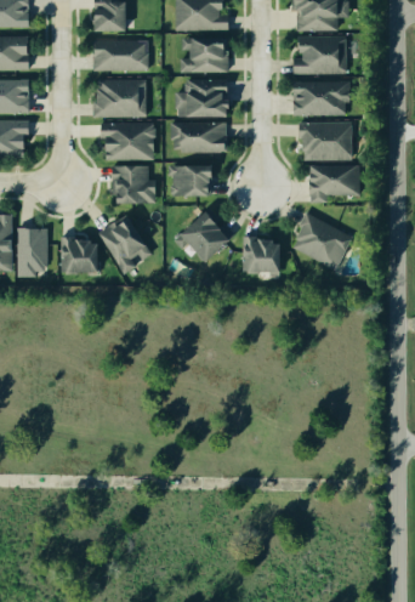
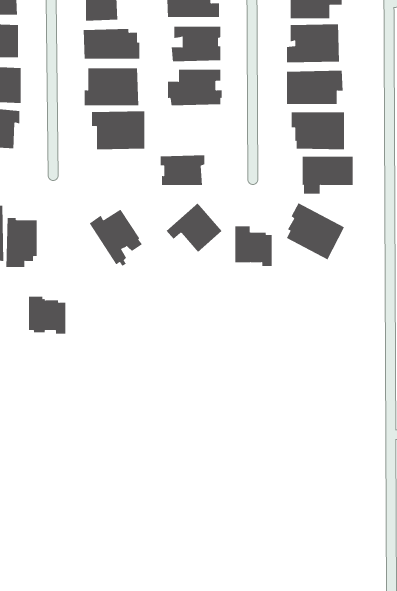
building: [170,121,228,152] -> none
building: [112,165,155,204] -> none
building: [61,238,98,276] -> [28,296,66,334]

